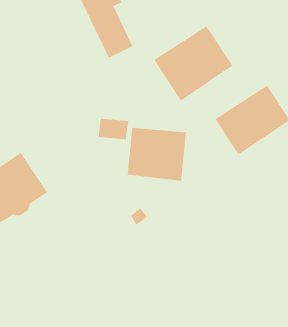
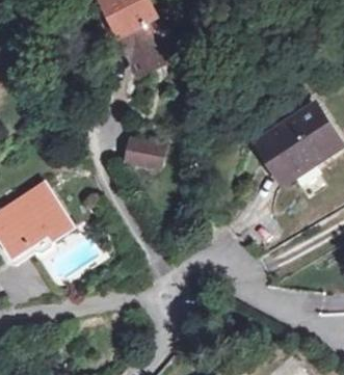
building: [153,26,233,101] -> none
building: [127,127,187,181] -> none

